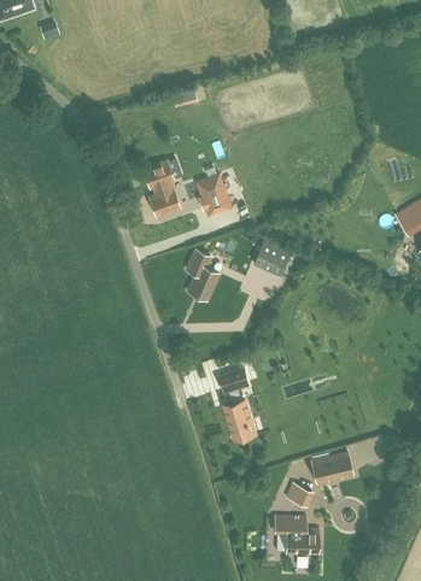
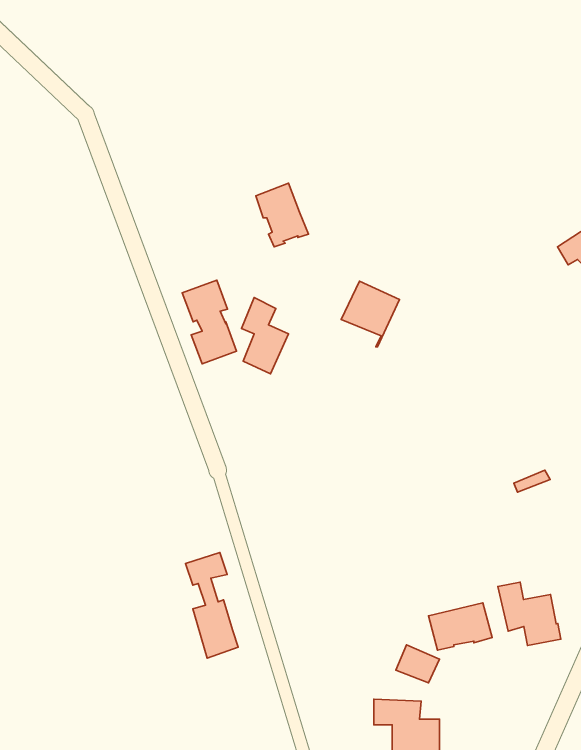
building: [142,159,179,215] -> [182,280,237,364]
building: [218,368,253,438] -> [185,553,238,658]
building: none -> [498,582,561,645]

